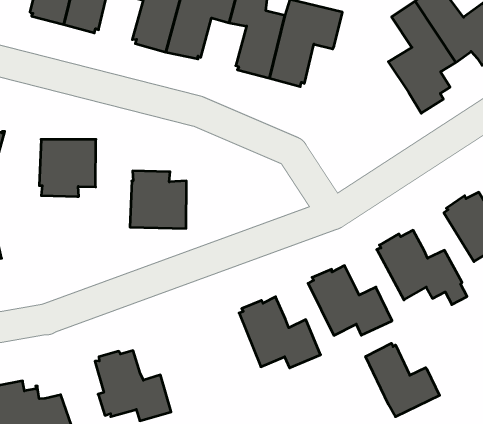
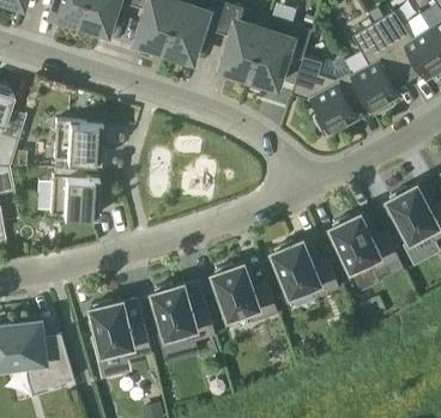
building: none -> [292,57,364,138]
building: [130,171,186,228] -> [49,169,98,219]
building: none -> [152,284,216,344]
building: [366,343,440,417] -> none

